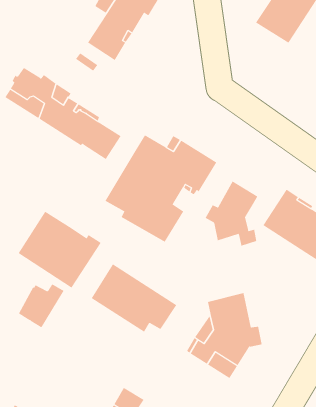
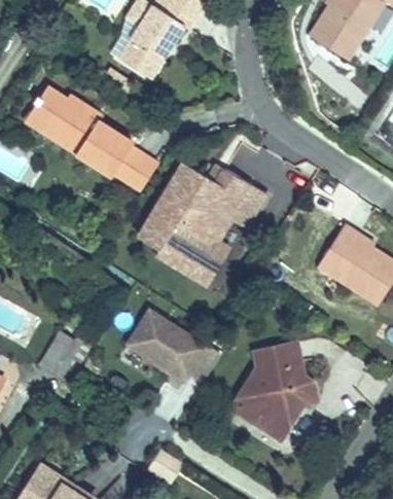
building: [205,181,258,247] -> none
building: [18,211,101,289] -> none

